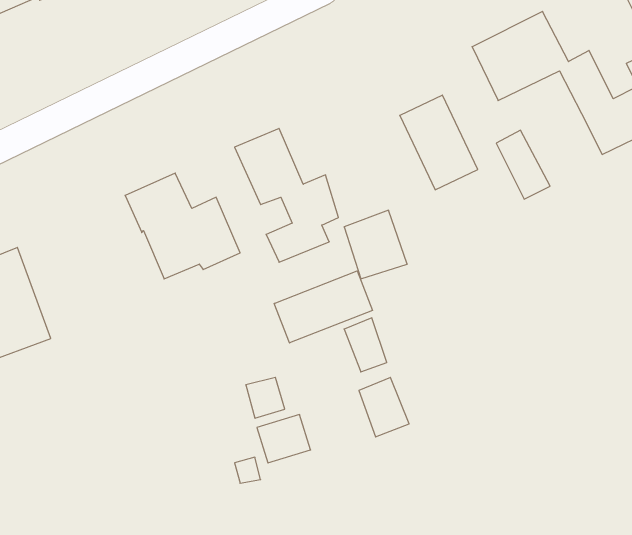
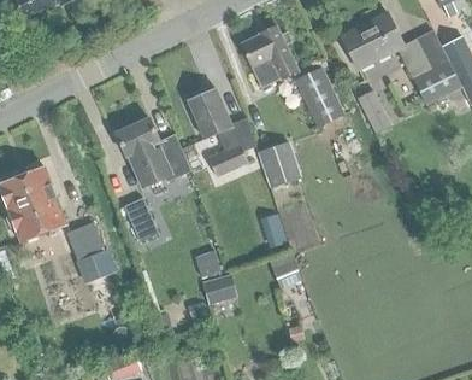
building: none -> [241,24,299,87]
building: [274,271,372,343] -> none
building: none -> [123,197,158,241]
building: none -> [70,222,114,280]

